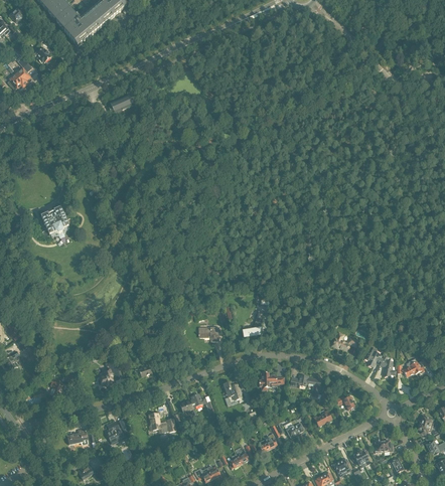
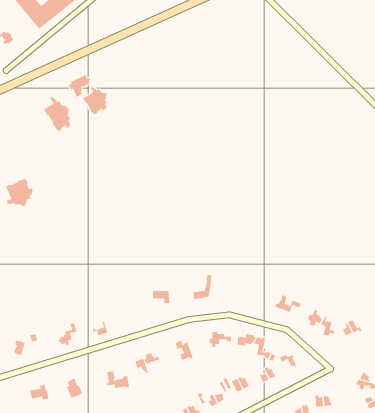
building: none -> [82,86,108,115]
building: none -> [43,96,71,132]

